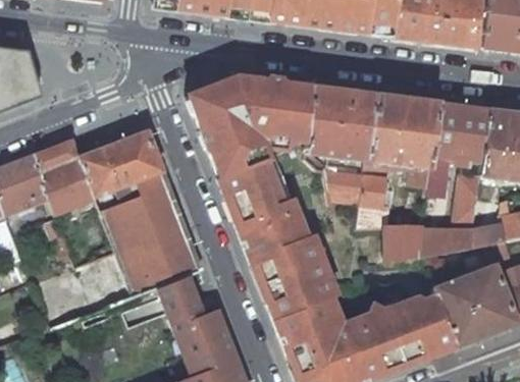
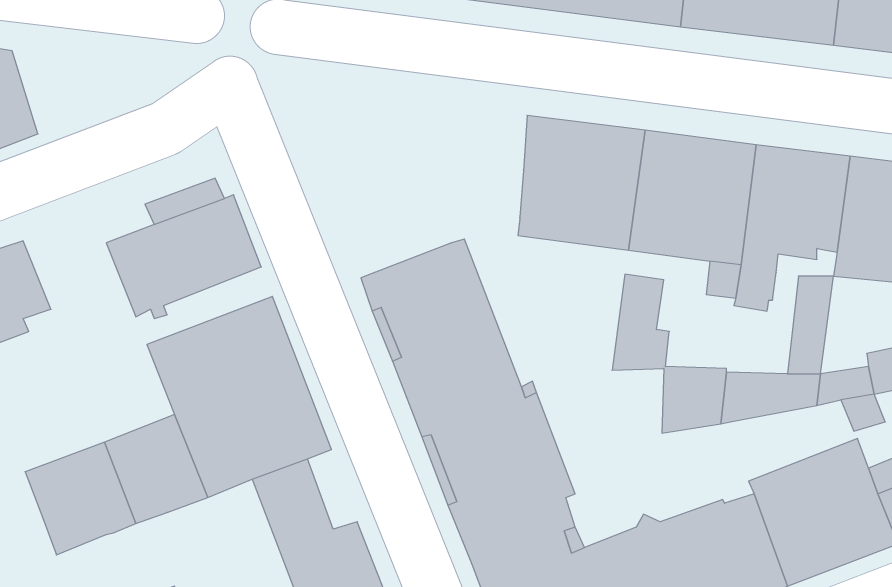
building: [192,76,311,176] -> none
building: [33,141,95,213] -> none
building: [323,169,365,205] -> none

